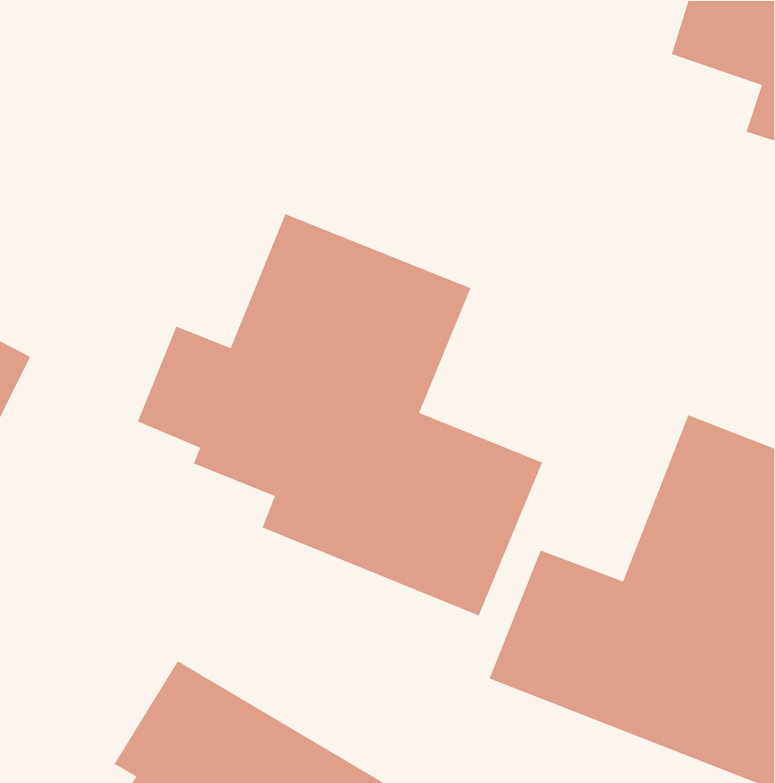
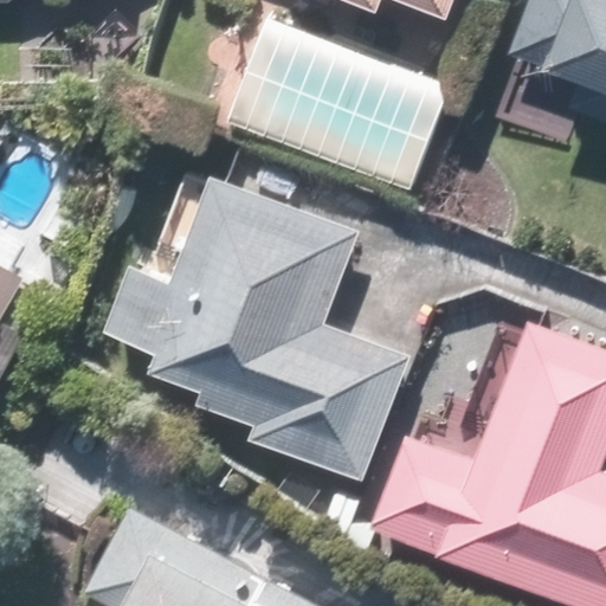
building: none -> [227,18,450,193]

